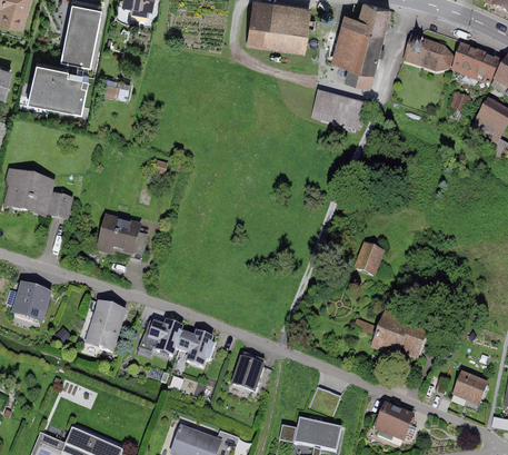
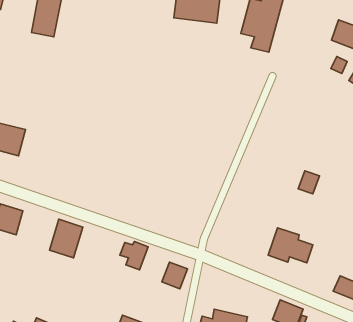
building: [405,36,454,70] -> none
building: [30,56,91,108] -> none
building: [311,93,367,128] -> none
building: [49,191,76,218] -> none
building: [96,216,138,258] -> none
building: [357,245,385,275] -> [298,171,320,194]
building: [147,318,185,355] -> none

